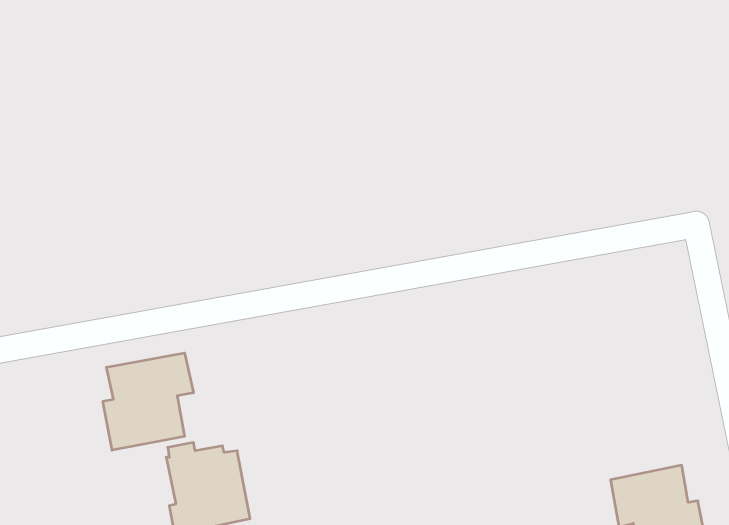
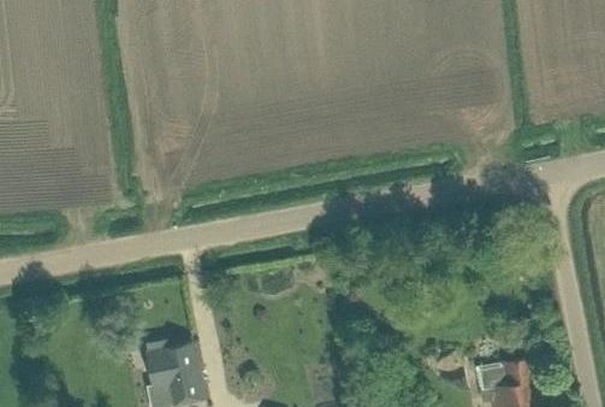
building: [103,353,193,450] -> none

